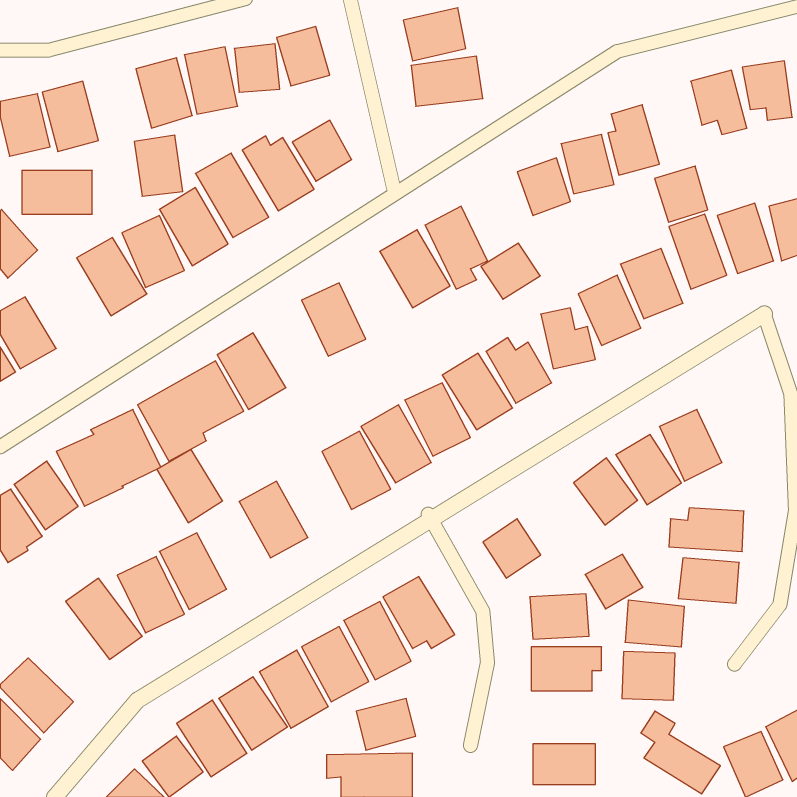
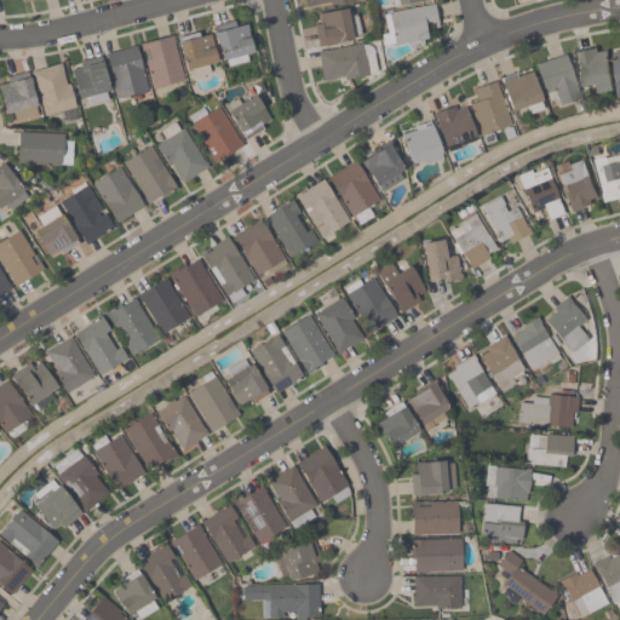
building: none -> [383,5,440,47]
building: [134,135,183,196] -> [74,57,111,104]
building: [655,166,708,222] -> [501,68,542,111]
building: [481,243,540,299] -> [361,144,407,188]
building: none -> [264,199,318,258]
building: none -> [34,206,80,260]
building: none -> [201,236,254,297]
building: none -> [544,297,590,352]
building: [157,449,223,523] -> [157,395,208,452]
building: none -> [222,358,269,409]
building: [585,554,643,609] -> [407,383,452,425]
building: none -> [30,480,82,534]
building: none -> [412,540,463,573]

